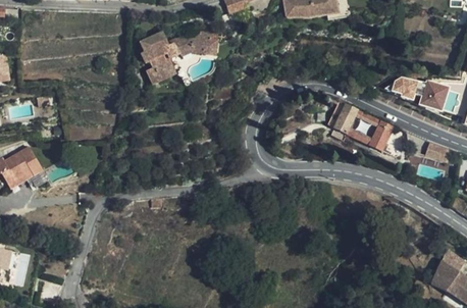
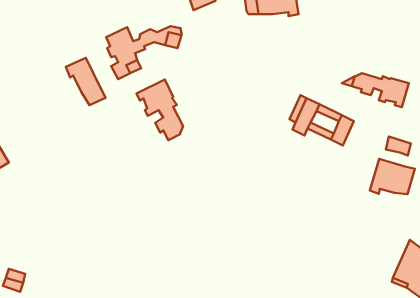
building: none -> [66,58,106,105]
building: none -> [136,79,183,140]
building: none -> [370,159,415,194]

